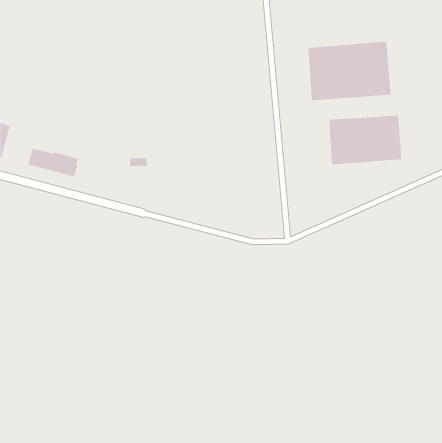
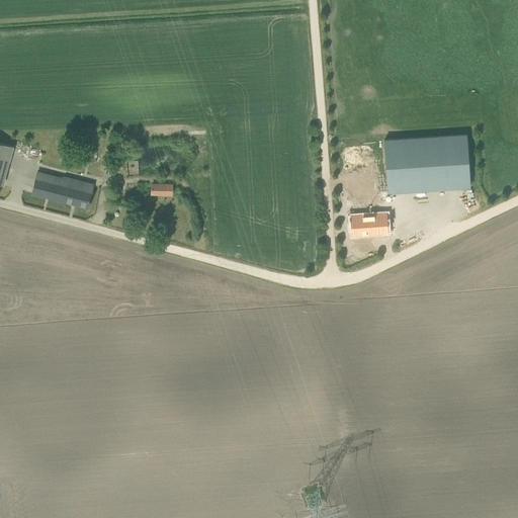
building: [308,41,391,101] -> none
building: none -> [350,213,386,234]

